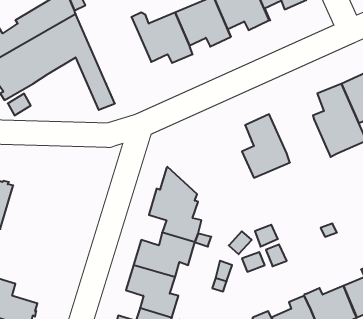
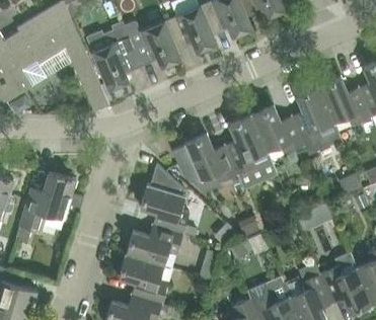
building: none -> [86,20,142,89]
building: none -> [251,105,304,153]
building: none -> [172,134,237,182]
building: none -> [16,171,83,240]

